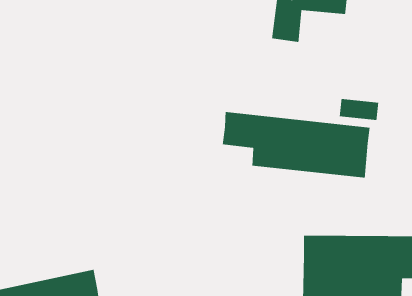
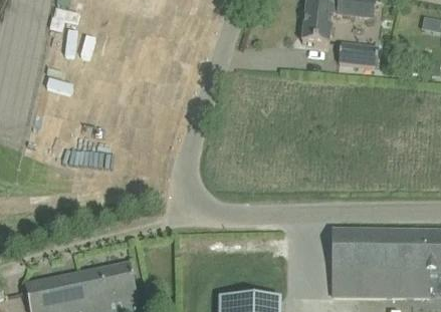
building: [339,98,379,121] -> [339,41,378,63]
building: [222,111,371,178] -> none

